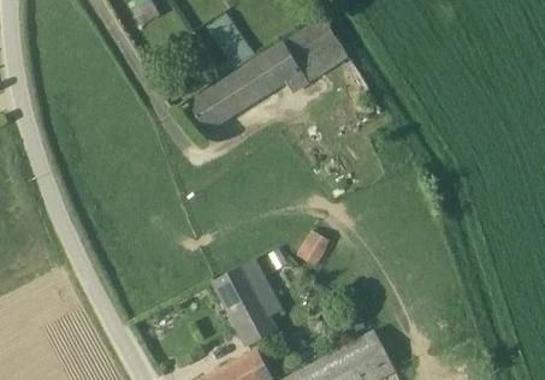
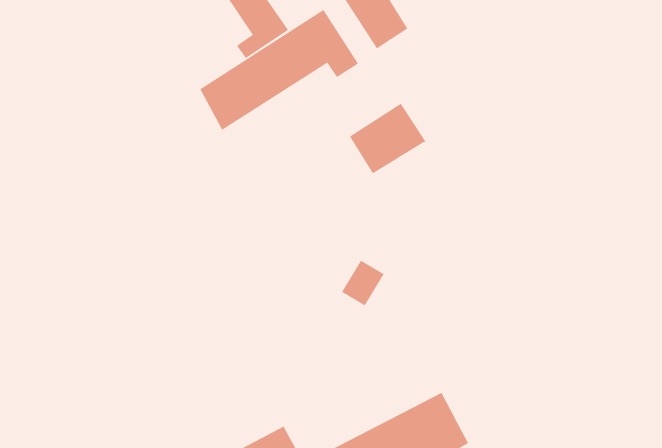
building: none -> [349,103,426,174]
building: [211,260,279,344] -> none

